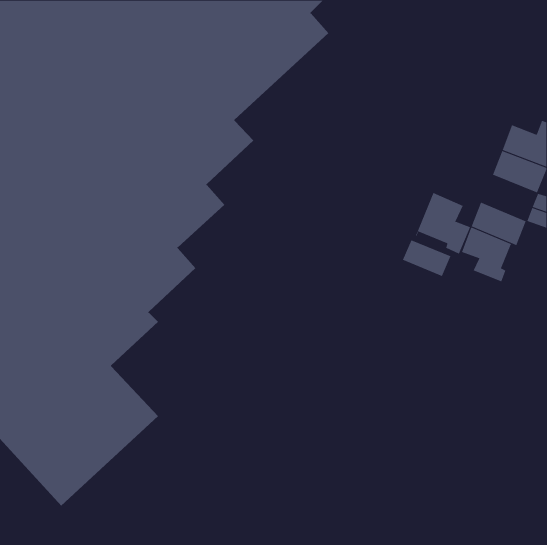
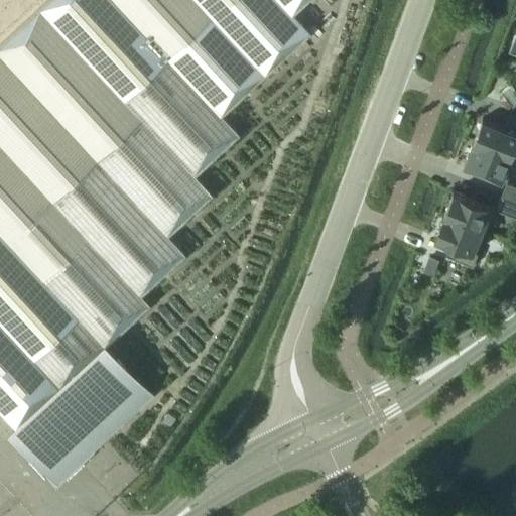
building: [415,192,471,254] -> none
building: [402,239,451,277] -> none

